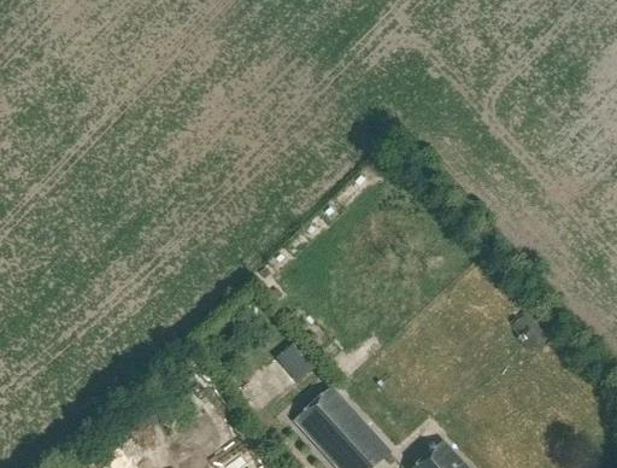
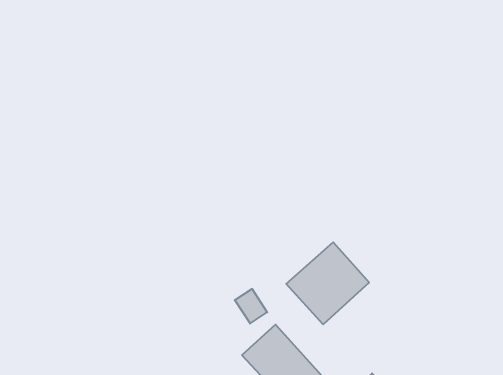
building: none -> [286,242,369,324]

